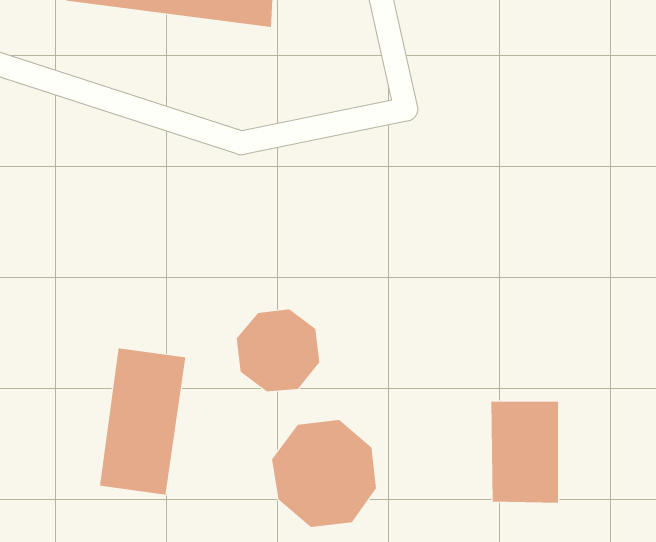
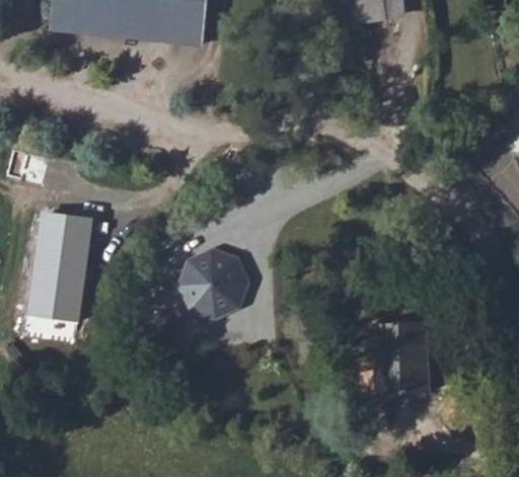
building: [99,348,186,495] -> [24,209,90,320]
building: [272,419,377,528] -> none

